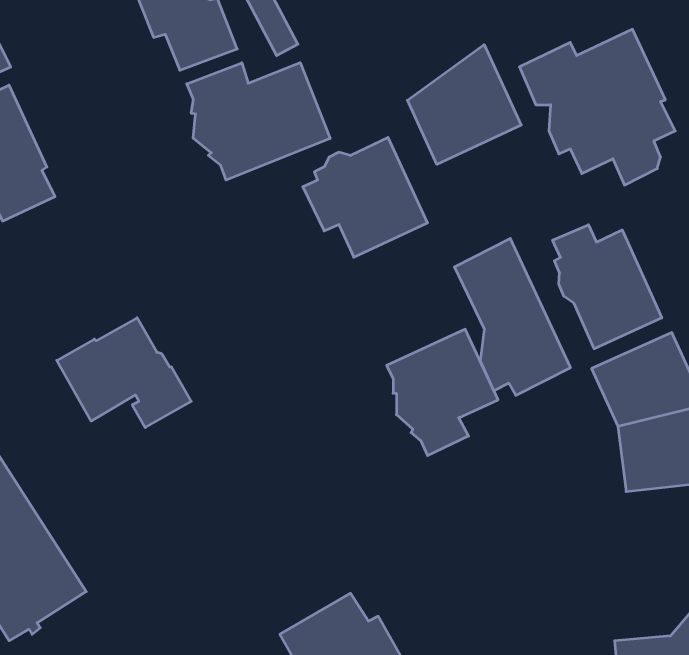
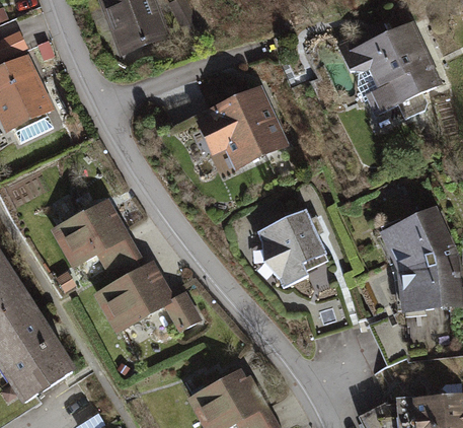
building: [407,45,521,164] -> none
building: [187,63,330,180] -> none
building: [553,225,662,349] -> none
building: [454,238,570,395] -> none
building: none -> [98,253,200,330]

